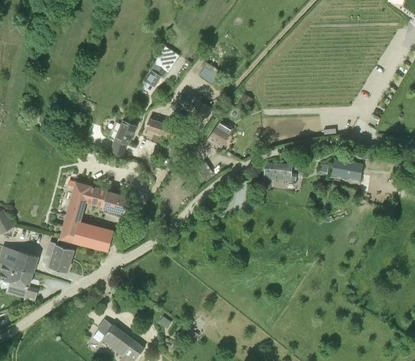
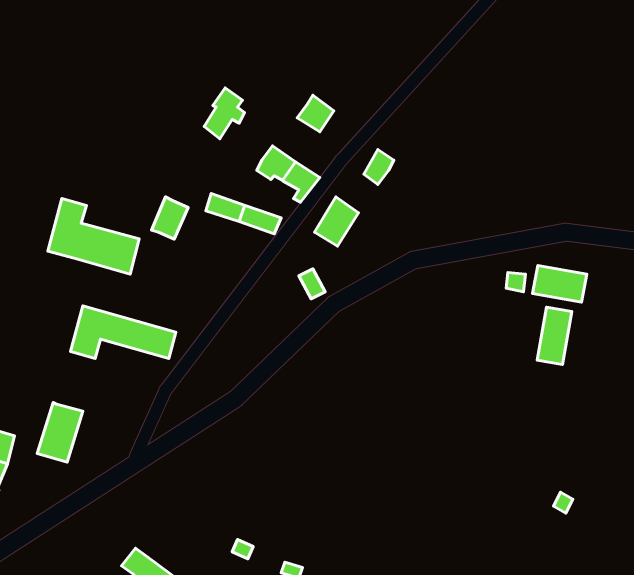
building: [263,164,295,182] -> none
building: none -> [537,307,572,364]
building: [60,209,112,252] -> [48,199,139,274]

